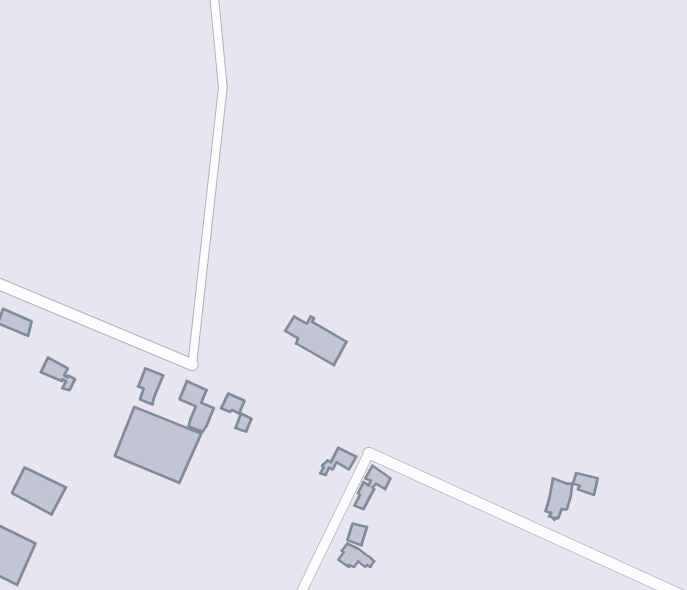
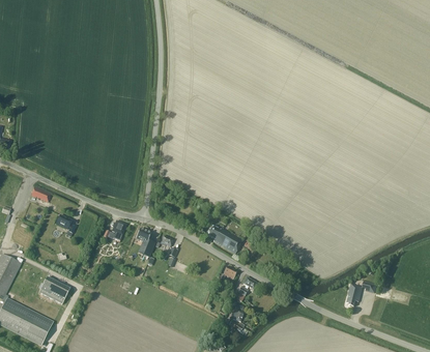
building: [285,316,347,365] -> [206,226,241,254]
building: [115,407,201,483] -> none

